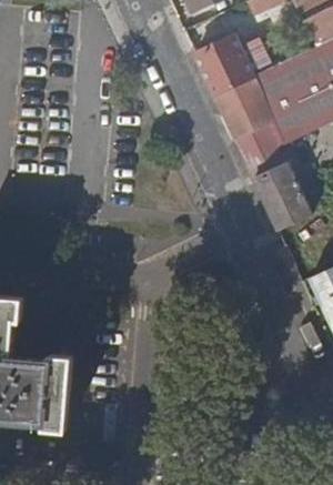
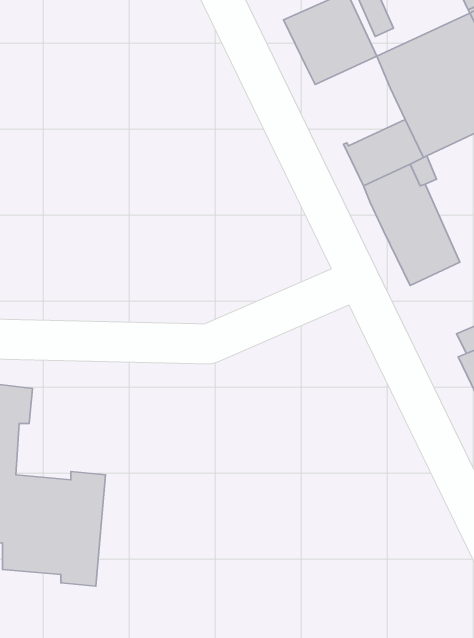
building: [213,79,263,121] -> none

